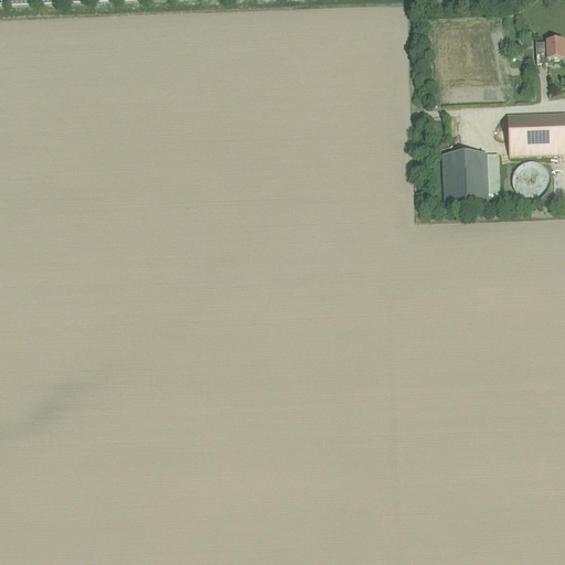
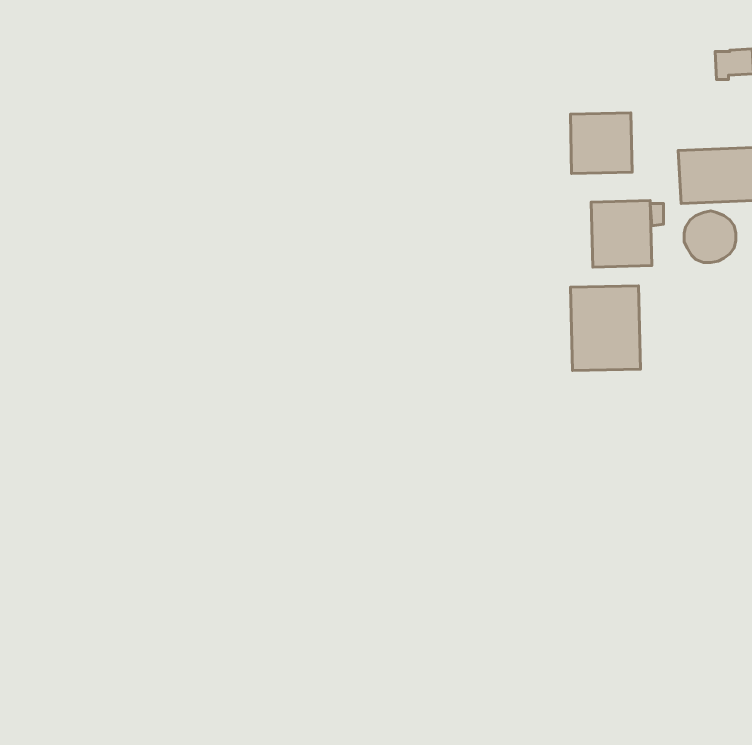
building: none -> [570,113,632,173]
building: none -> [571,286,641,370]

